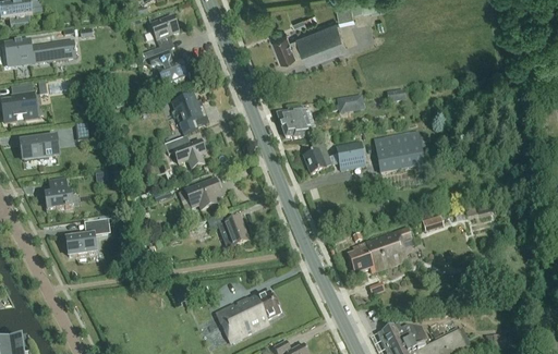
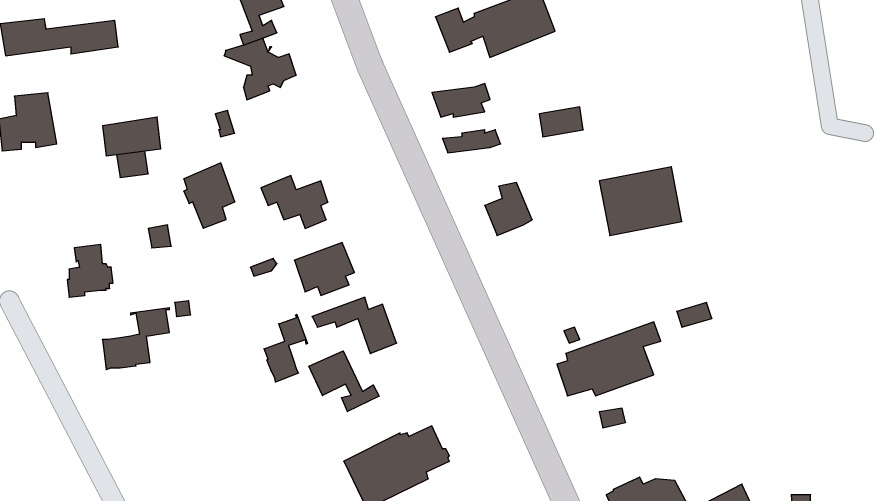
building: [171,91,203,132] -> [184,163,235,228]
building: [280,115,316,136] -> [432,84,490,117]
building: [22,135,58,159] -> [103,117,161,156]
building: [337,141,365,169] -> none
building: none -> [264,314,307,382]
building: none -> [309,351,379,412]

